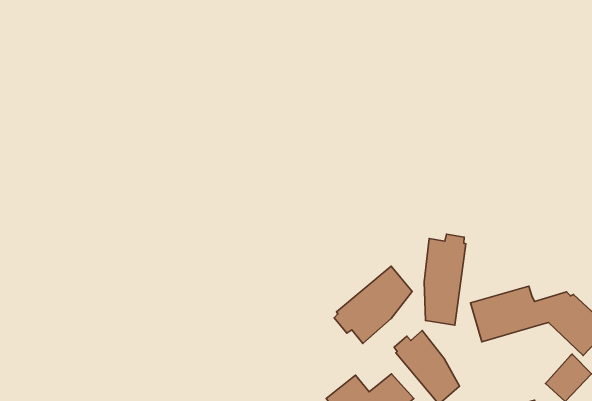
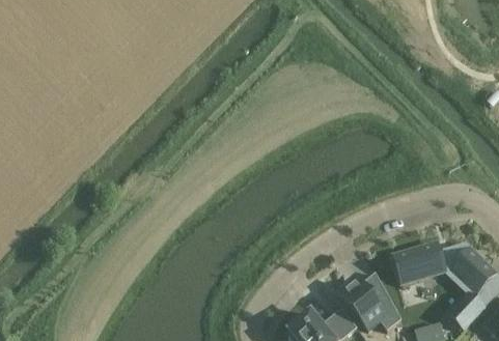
building: [424,234,466,325] -> none
building: [334,266,412,343] -> none

